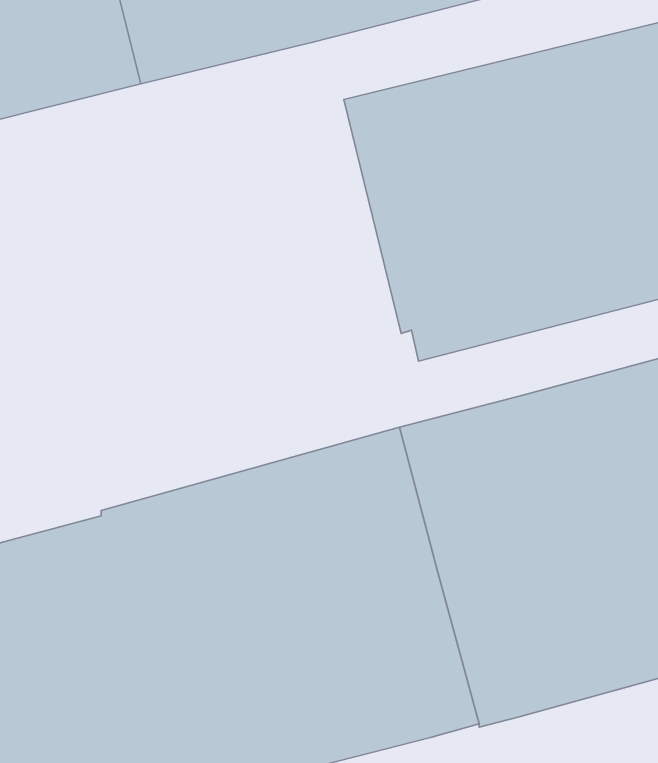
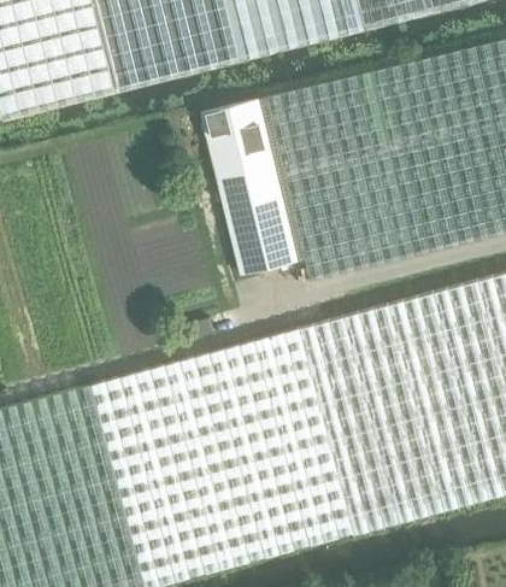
building: none -> [200,99,299,276]

